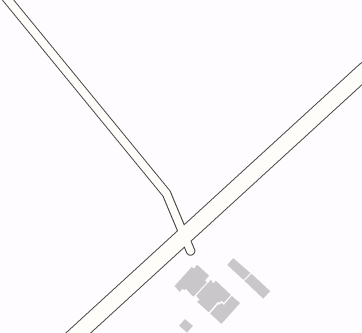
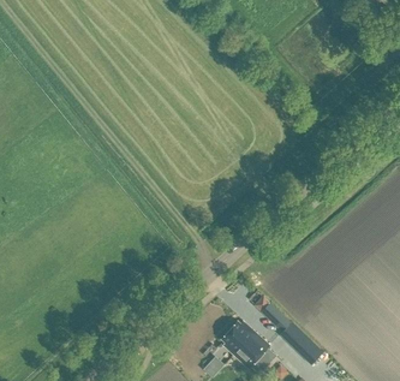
building: [173,263,210,298] -> none

